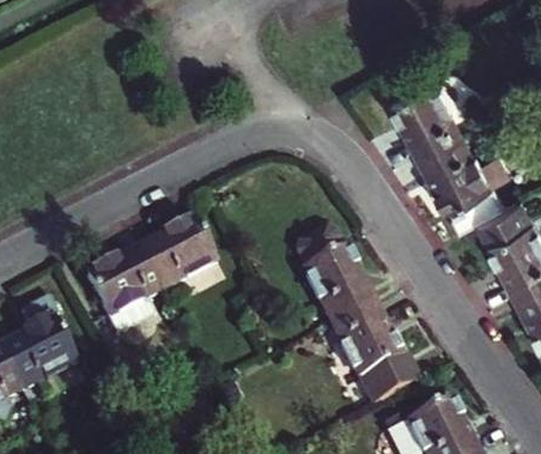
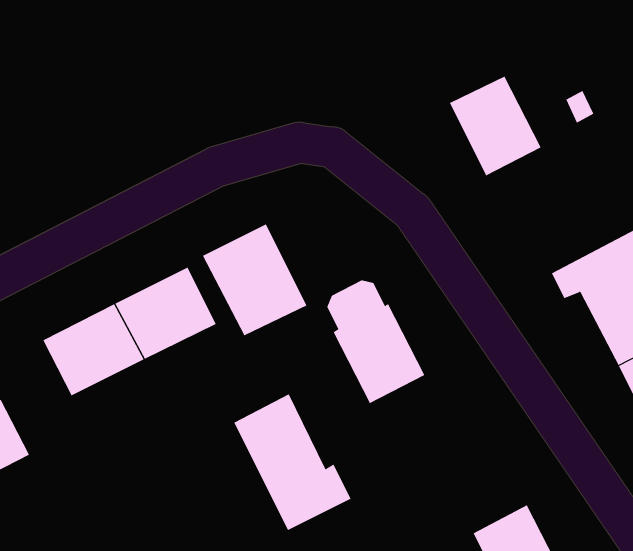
building: [417,128,507,205] -> none
building: none -> [202,224,307,336]
building: [329,299,418,402] -> [233,394,351,531]

